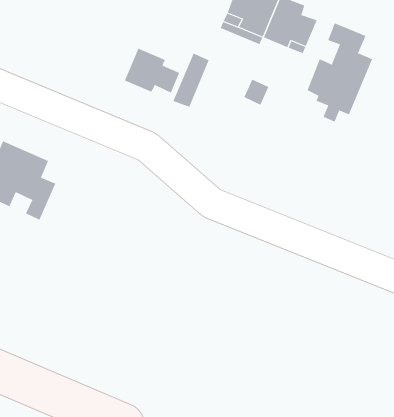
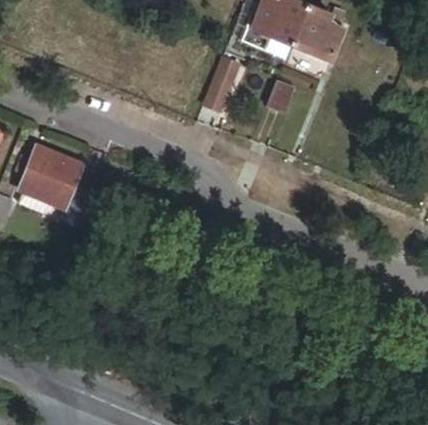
building: [307,22,373,122] -> none
building: [124,48,180,94] -> none

